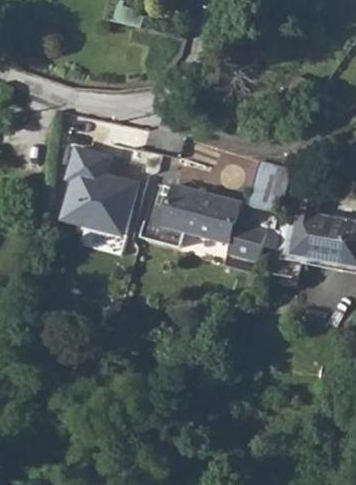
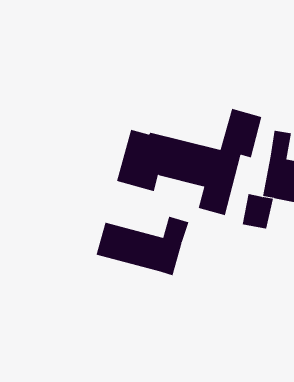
building: [61,145,141,241] -> none
building: none -> [96,216,189,276]

